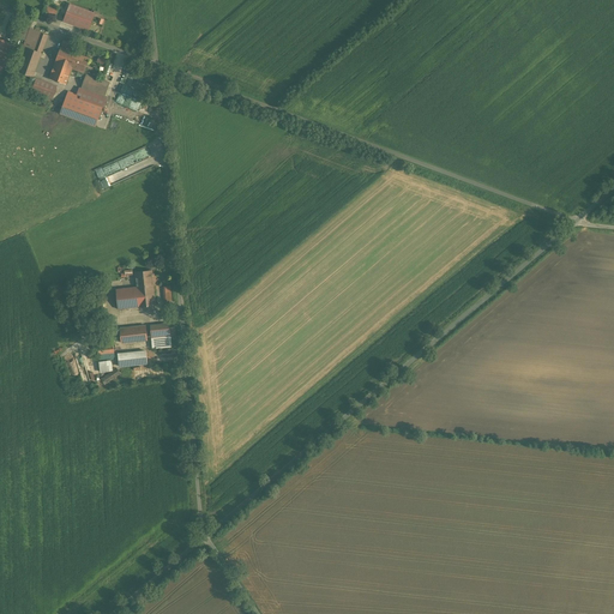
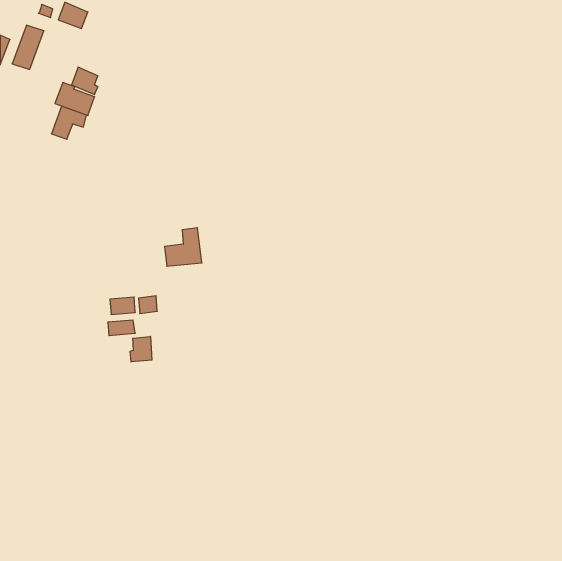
building: [49,48,88,84] -> [51,106,87,139]
building: [116,269,157,311] -> [165,228,202,266]
building: none -> [130,336,152,362]

